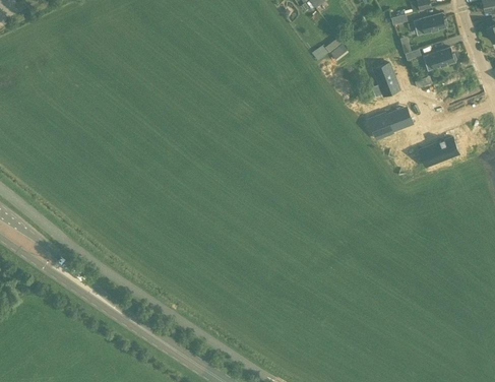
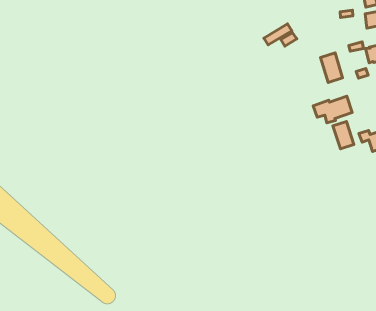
building: none -> [333,122,354,149]

